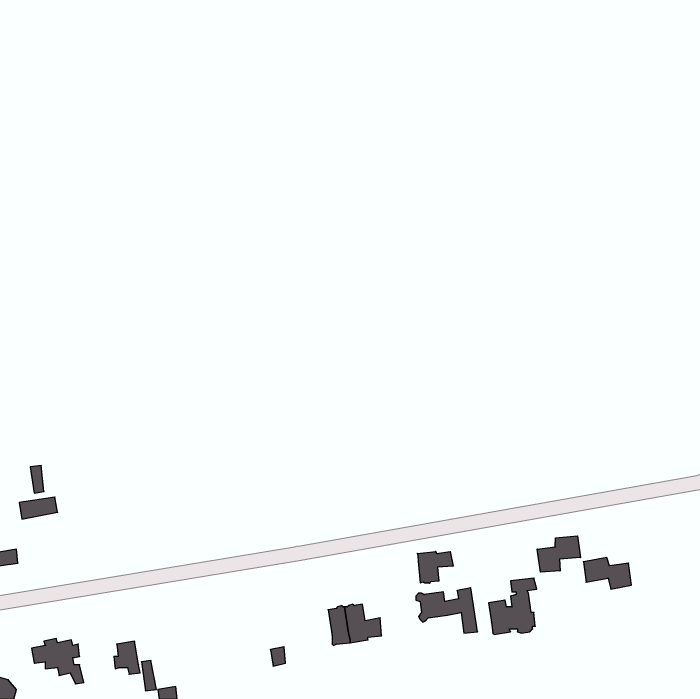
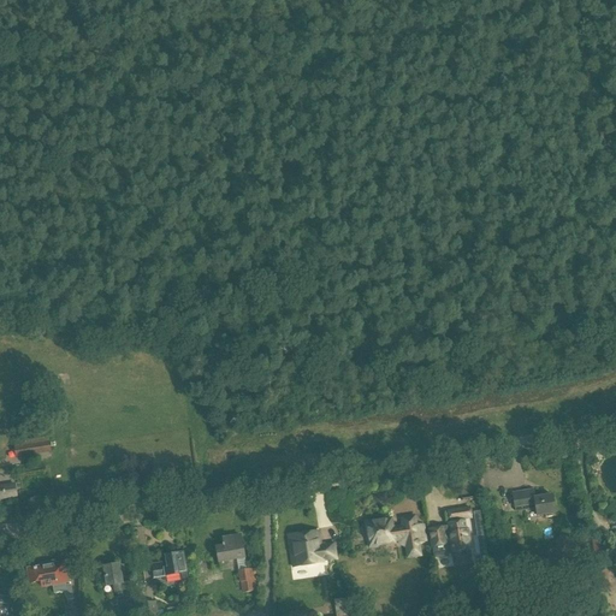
building: [537,536,580,572] -> none
building: [417,551,453,583] -> none
building: none -> [215,533,244,562]
building: none -> [152,547,186,579]

